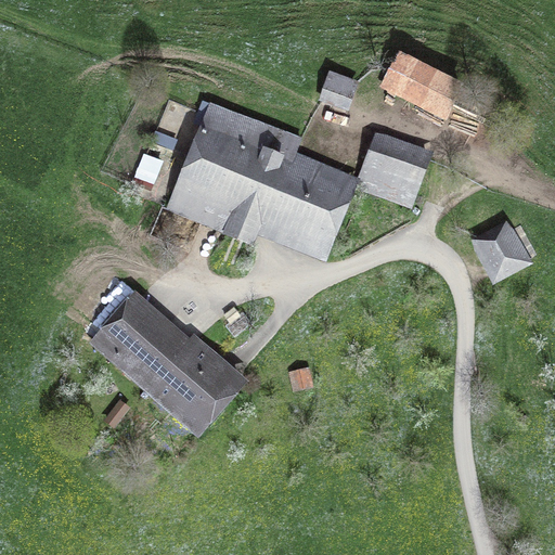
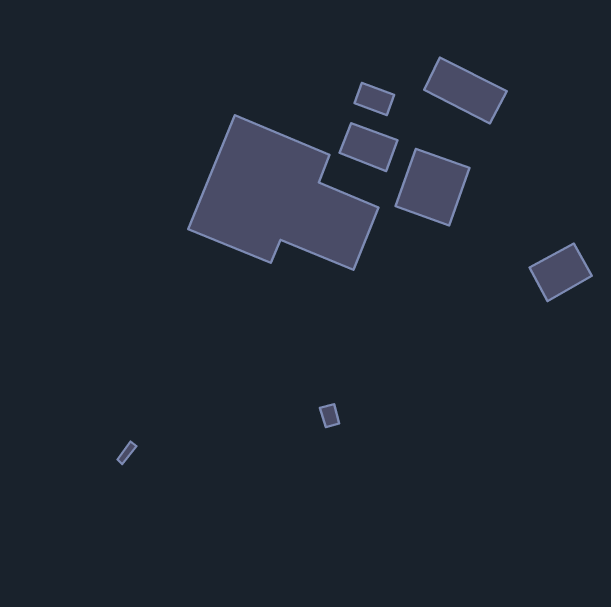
building: none -> [340,123,398,171]
building: [95,298,233,421] -> none

